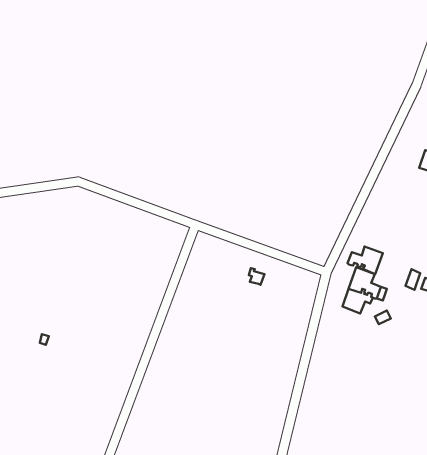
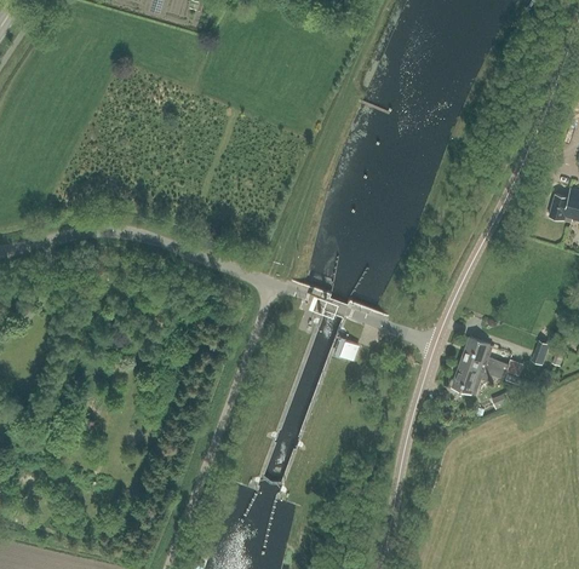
building: [347,246,383,274] -> none

